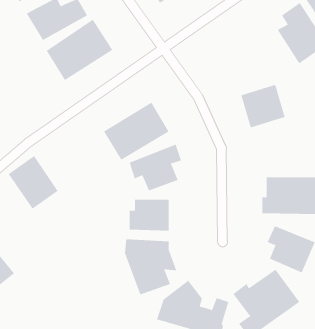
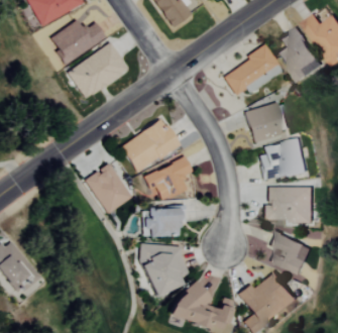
building: none -> [223,47,283,96]
building: none -> [260,138,309,180]
building: [8,155,59,209] -> [86,164,132,214]

